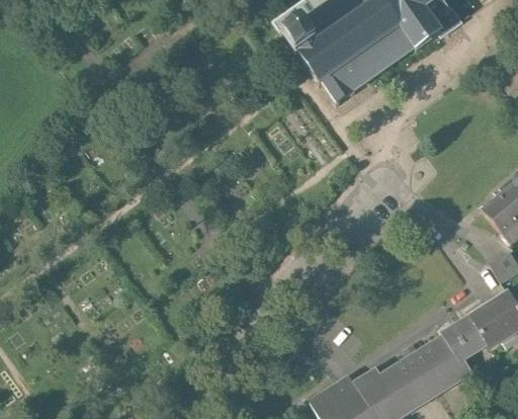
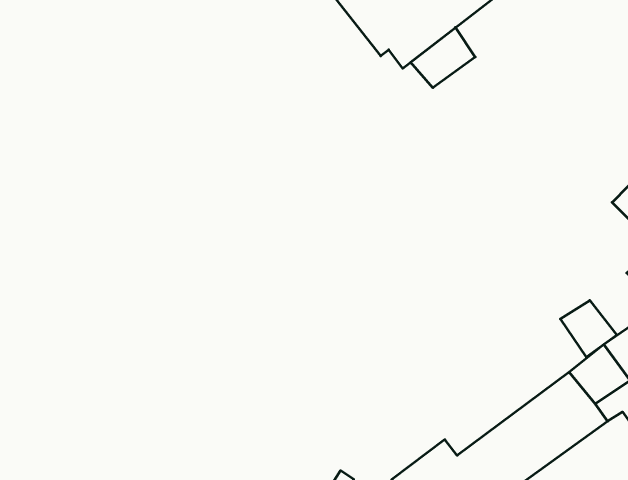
building: none -> [411,27,475,88]
building: none -> [560,300,617,357]

